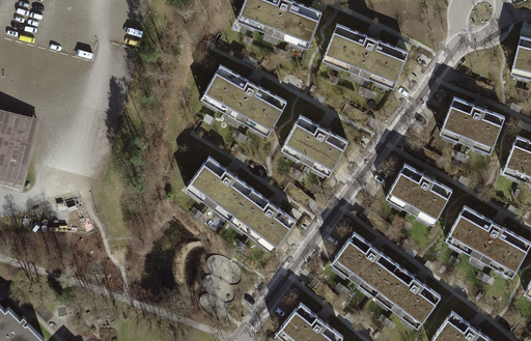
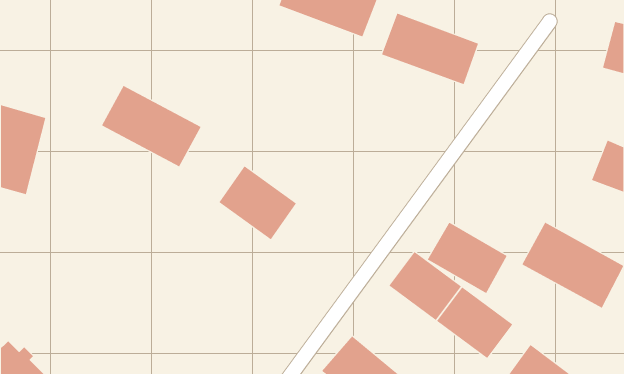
building: [201,65,286,135] -> [101,85,202,167]
building: [439,95,505,150] -> none
building: [282,114,348,175] -> none
building: [385,164,453,225] -> [427,222,507,294]
building: [230,189,296,251] -> none

